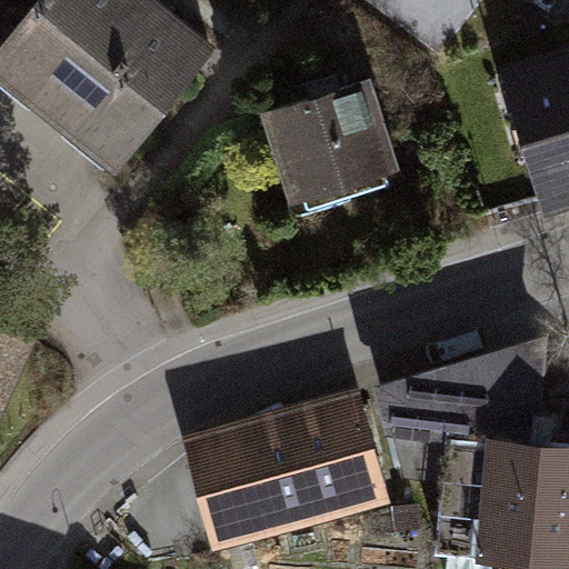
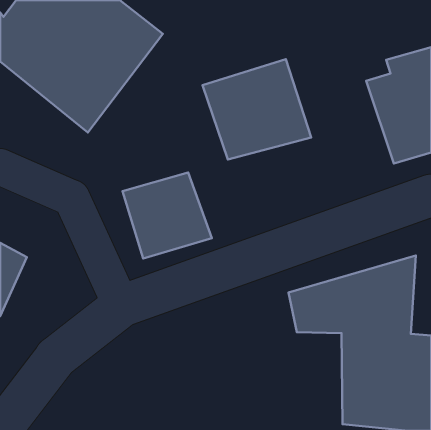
building: none -> [123,173,212,258]
building: [180,383,392,552] -> none

